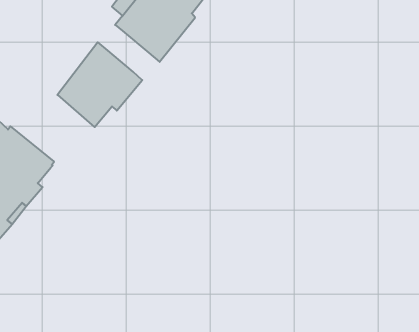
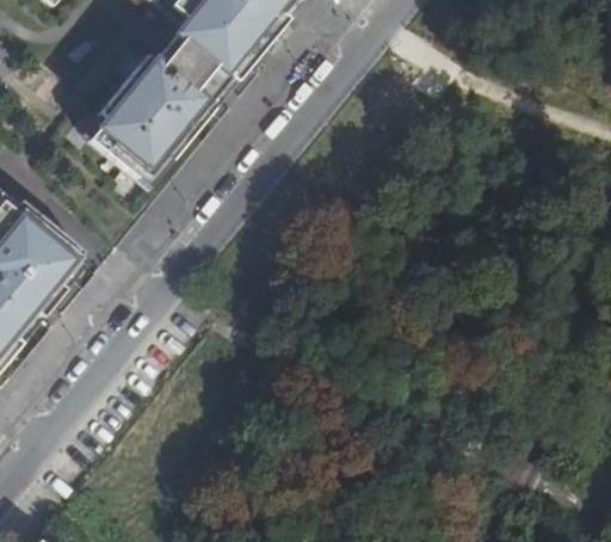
building: none -> [156,50,216,110]

